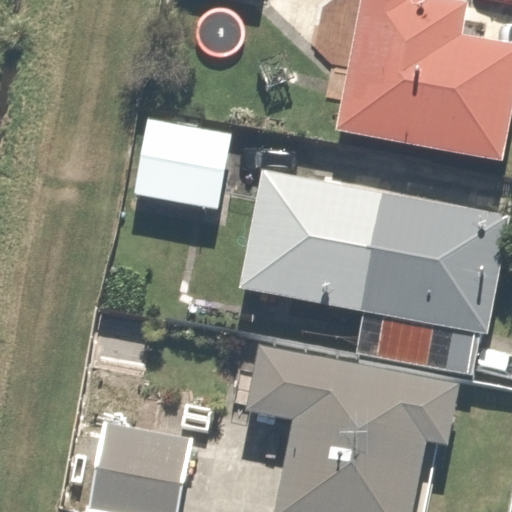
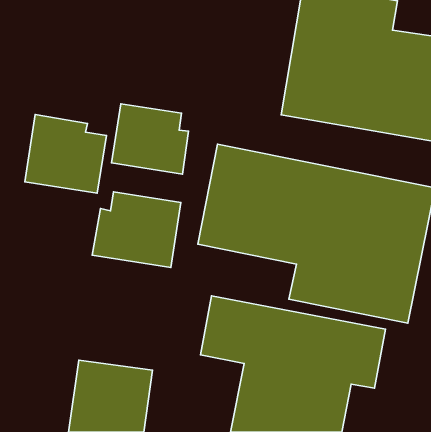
building: none -> [25,115,106,193]
building: none -> [92,192,181,268]

